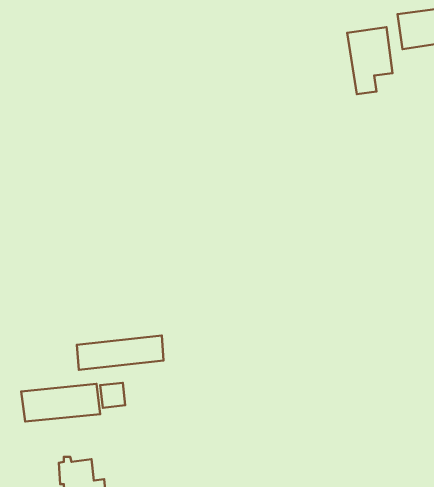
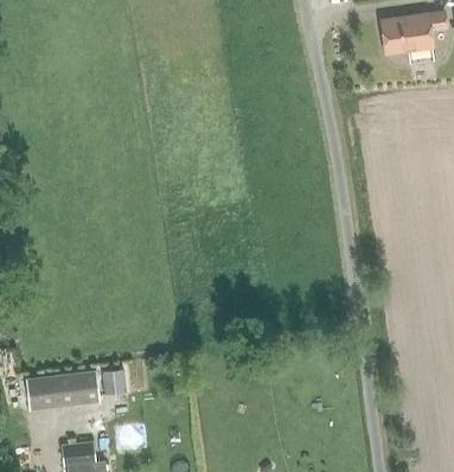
building: [347,27,393,94] -> none
building: [77,335,164,370] -> none

